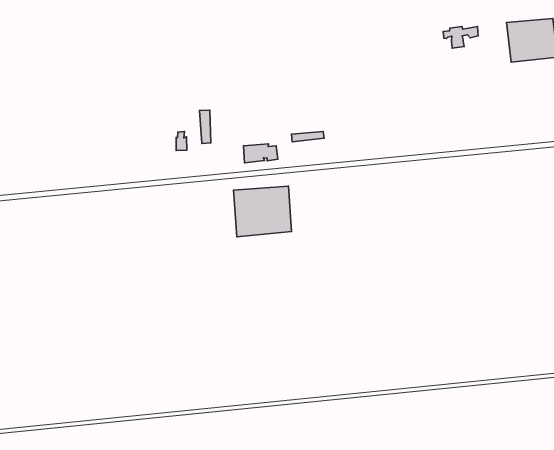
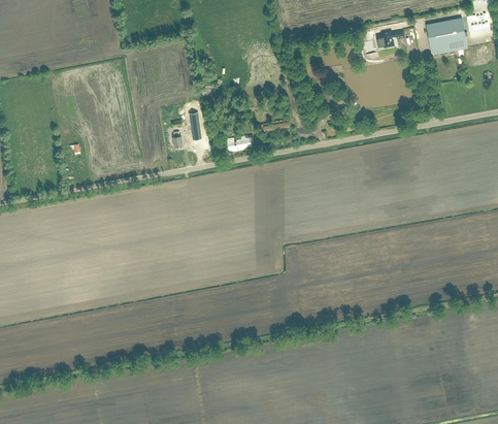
building: [233,186,292,237] -> none

